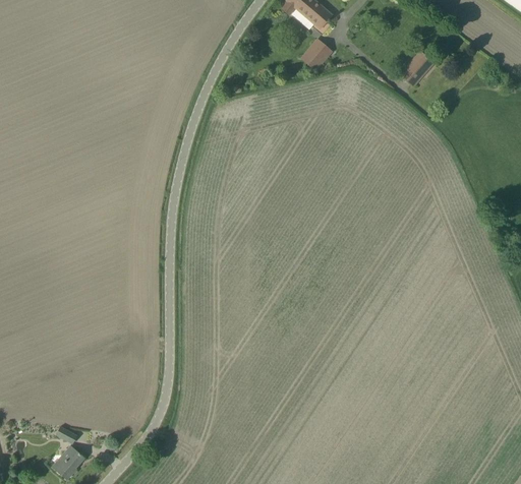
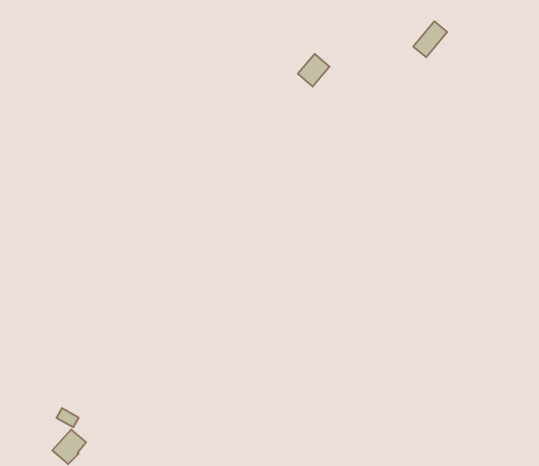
building: [301,39,332,70] -> [298,54,330,87]

